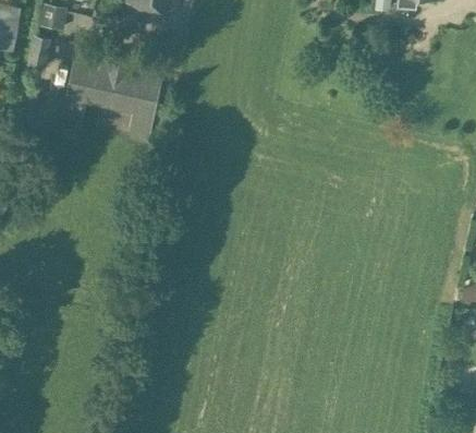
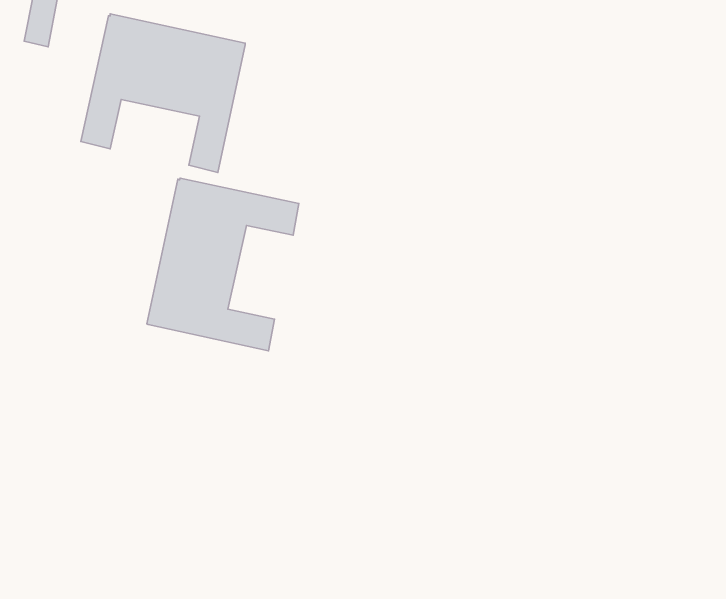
building: none -> [147,178,299,351]

